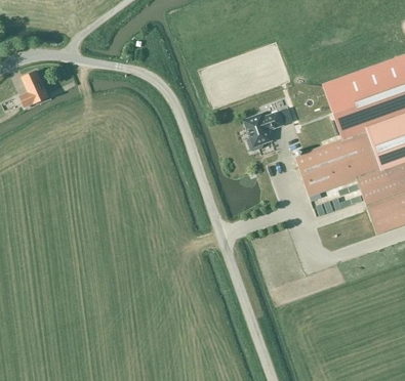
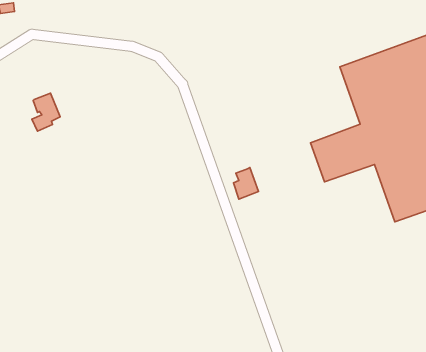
building: [19,71,46,107] -> [32,93,60,131]
building: [244,112,283,151] -> none

